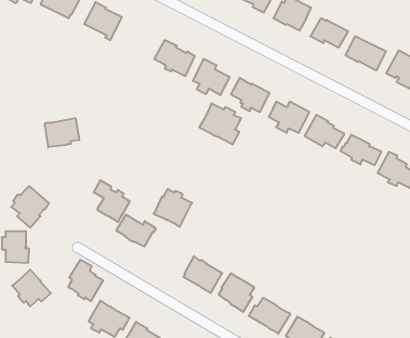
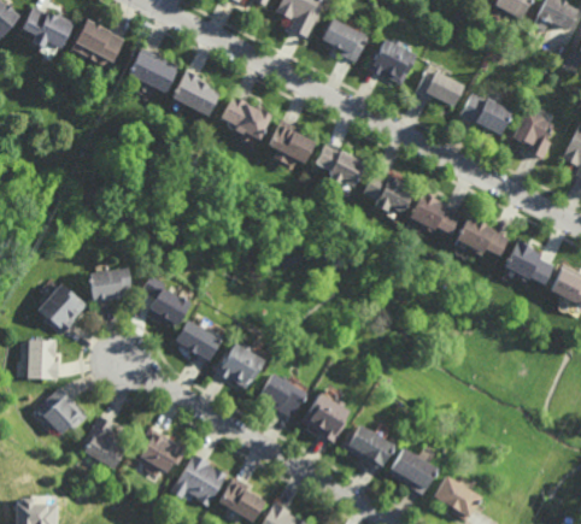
building: none -> [170,71,217,119]
building: [199,103,241,145] -> none
building: [44,118,79,148] -> [87,265,131,302]
building: [153,189,192,227] -> [212,341,262,389]
building: [68,260,103,301] -> [84,417,129,470]

